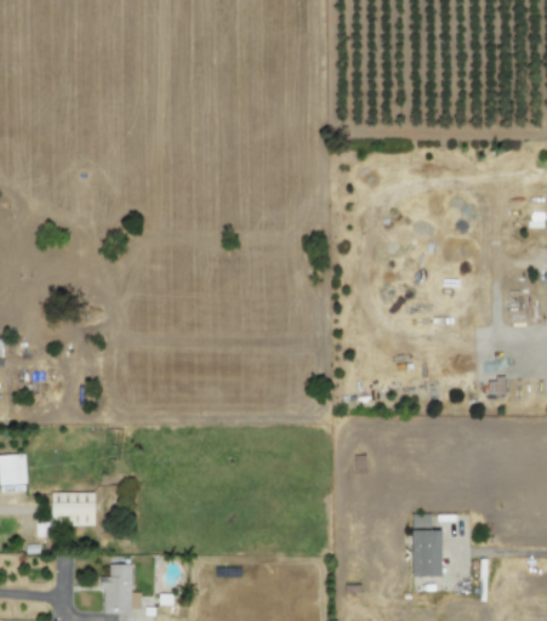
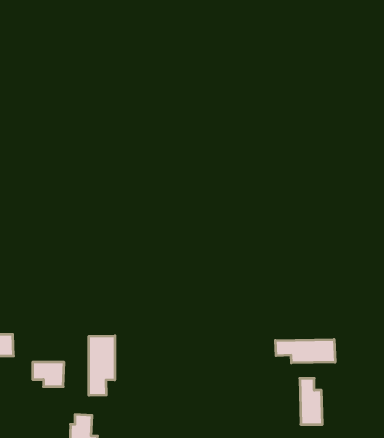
building: none -> [89,336,115,395]
building: none -> [275,339,335,363]

